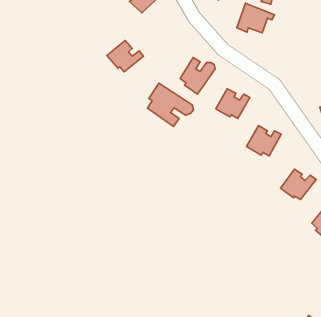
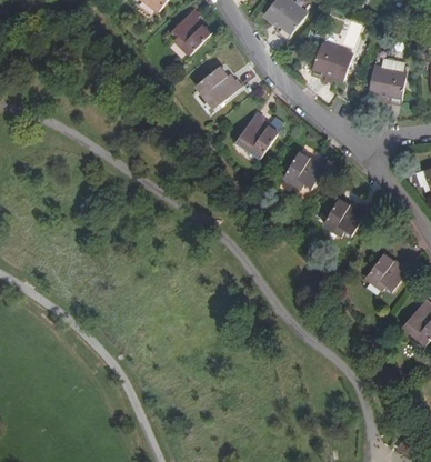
building: none -> [368,56,407,103]
building: [107,41,143,72] -> [194,66,241,106]
building: [148,83,194,126] -> none

